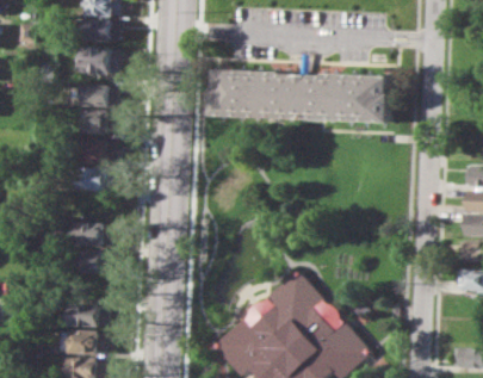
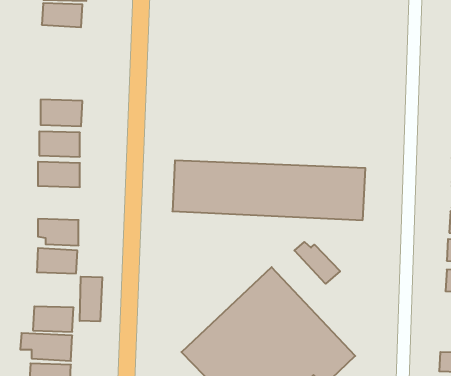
building: [74,48,118,73] -> none
building: [210,68,391,124] -> [172,160,365,220]
building: [73,85,116,105] -> none
building: none -> [294,242,340,284]
building: none -> [80,277,102,321]

